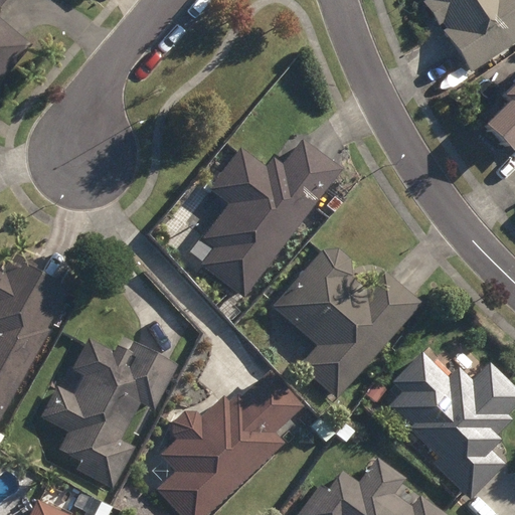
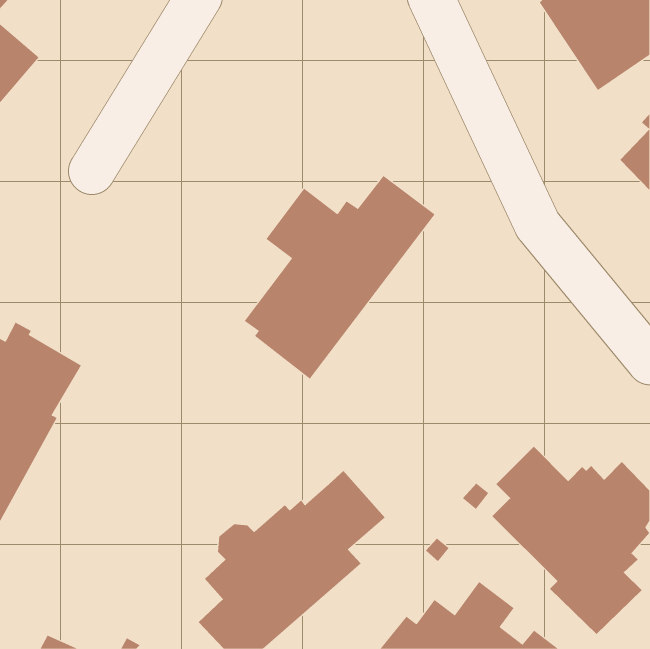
building: [273,248,421,397] -> none
building: [40,338,178,490] -> none

